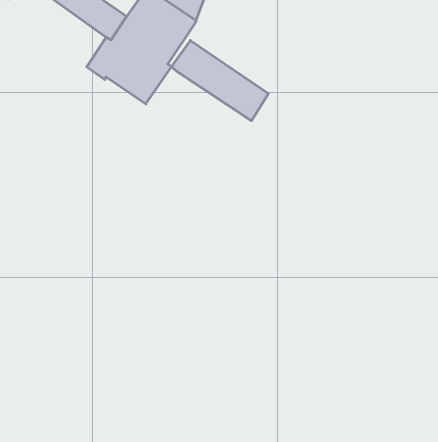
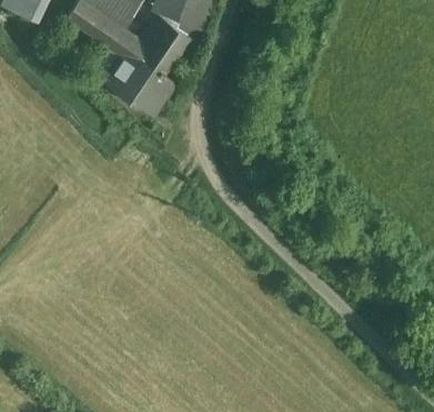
building: [172,40,268,121] -> none

